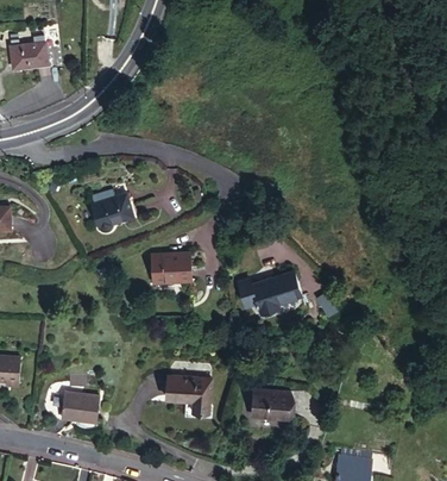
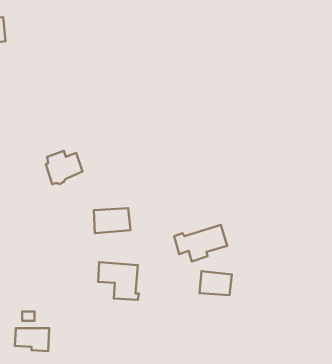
building: [165,374,212,417] -> [98,262,139,300]
building: [248,388,285,416] -> [199,271,232,295]

